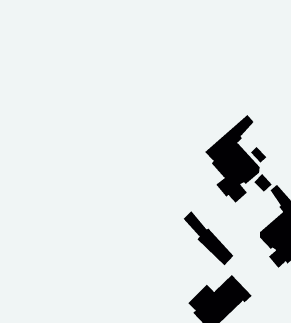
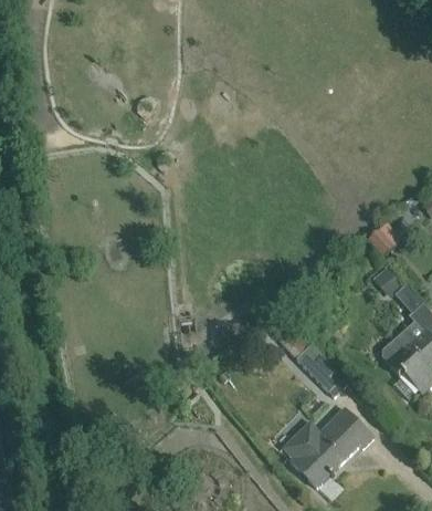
building: [204,114,260,204] -> none

